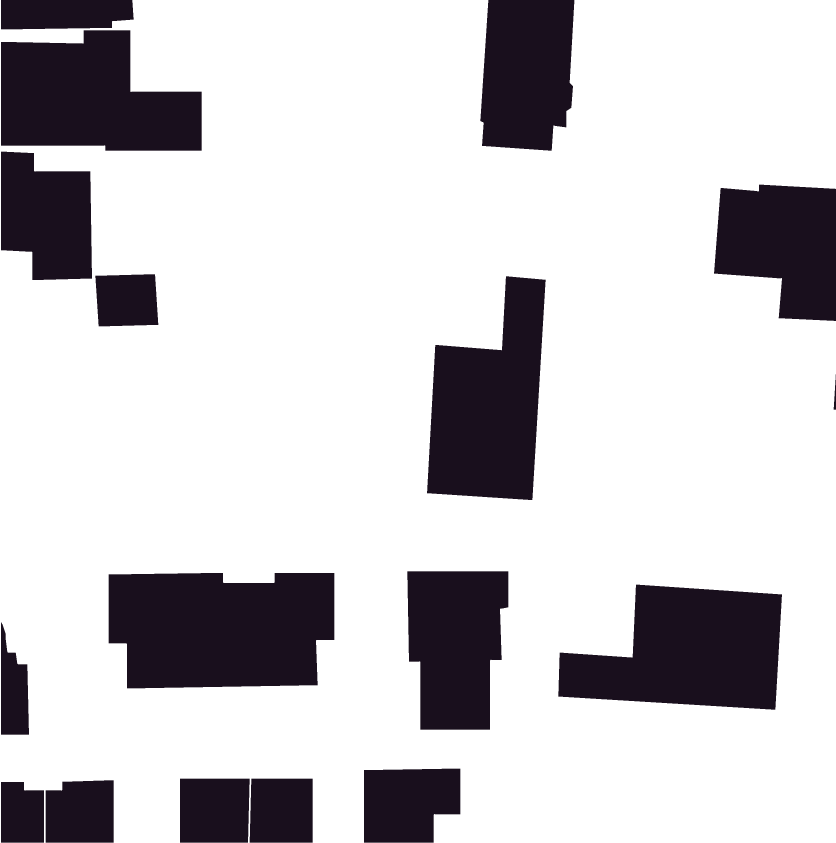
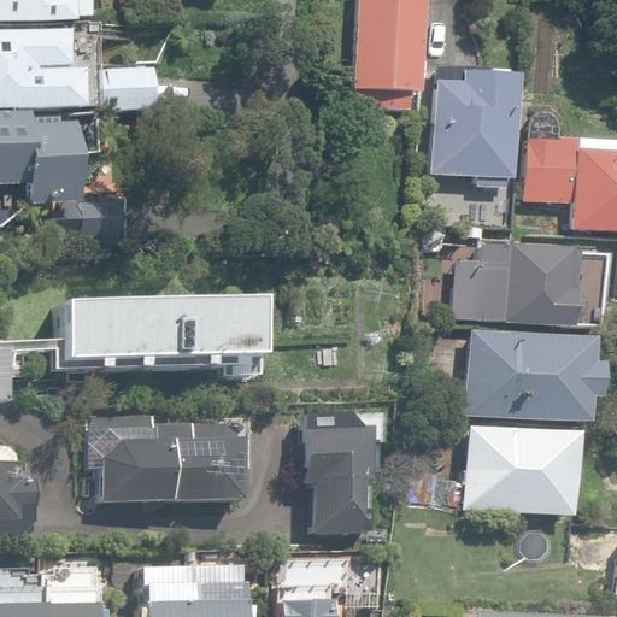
building: none -> [434,64,519,187]
building: [426,276,546,501] -> none
building: none -> [452,247,581,327]
building: none -> [61,305,254,377]
building: none -> [457,330,599,423]

